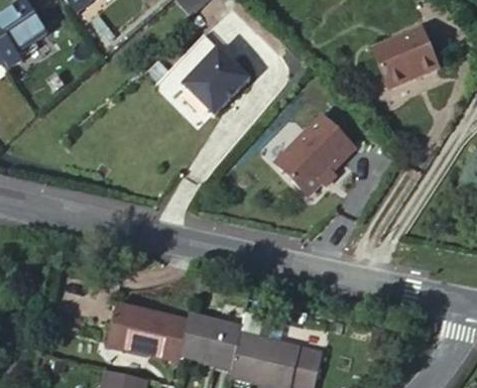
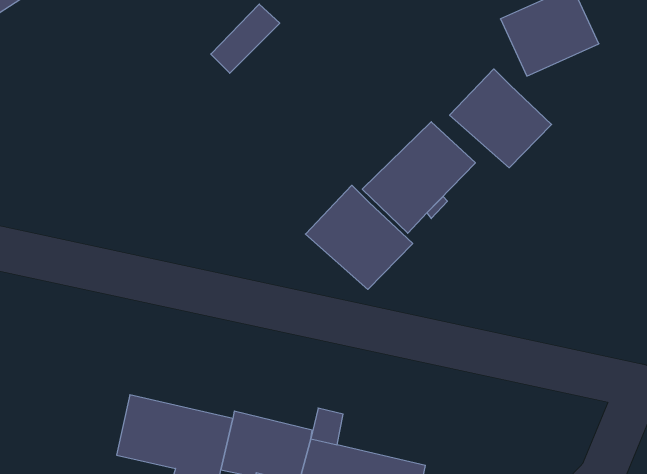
building: [186,49,250,114] -> none
building: none -> [450,69,552,168]
building: none -> [305,185,413,289]

